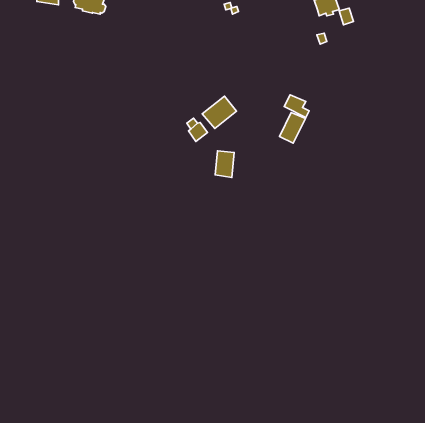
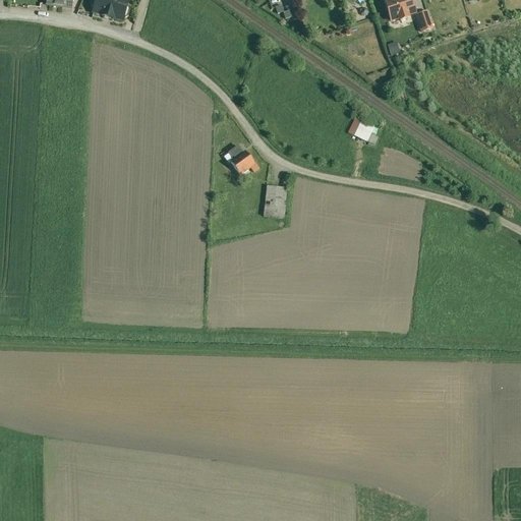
building: [202,96,236,128] -> none
building: [279,113,305,143] -> none

